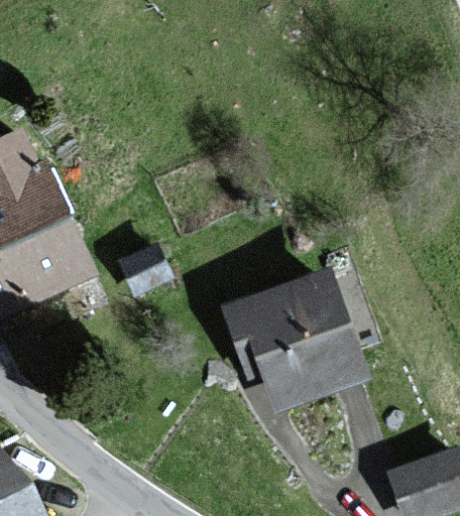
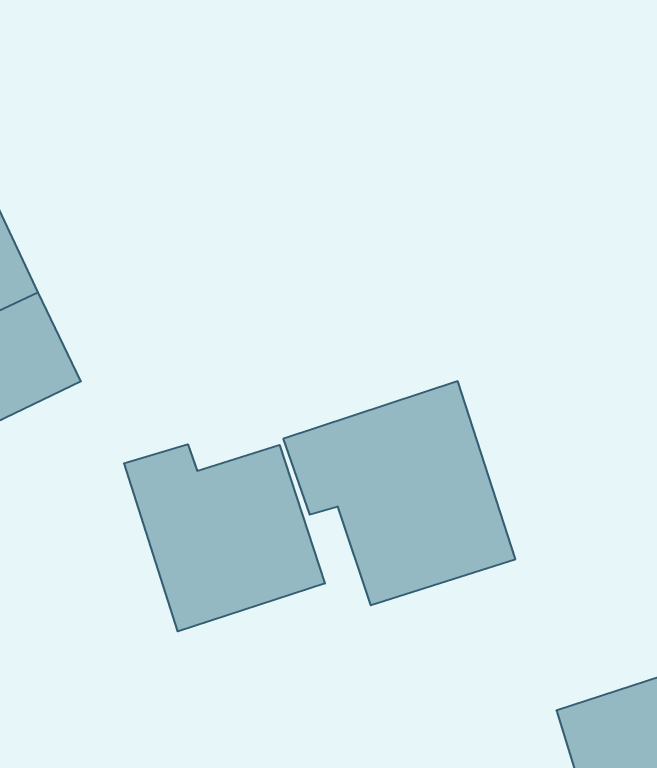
building: none -> [124,444,325,631]

